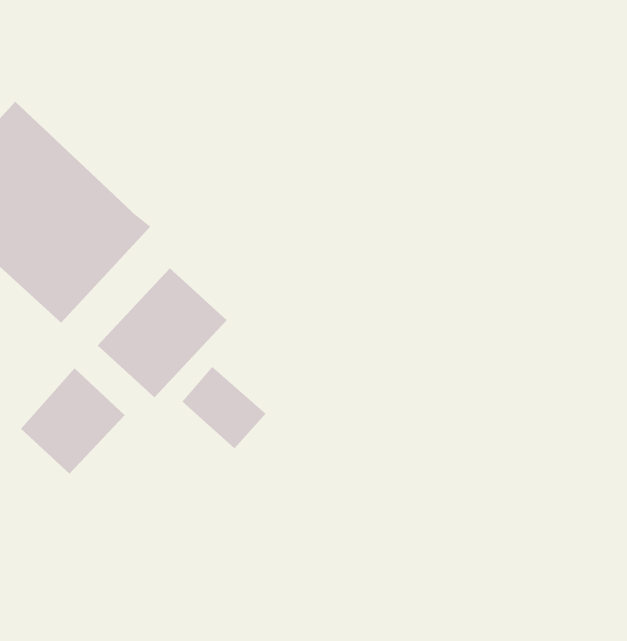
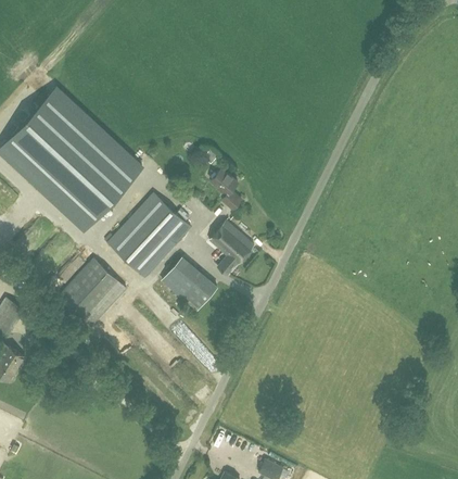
building: none -> [211,167,241,210]
building: none -> [208,220,254,275]

